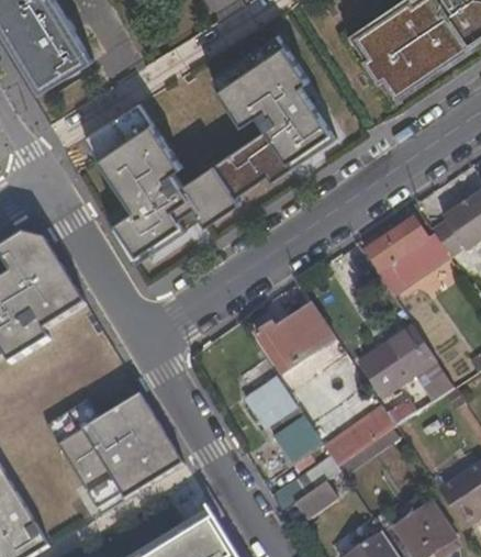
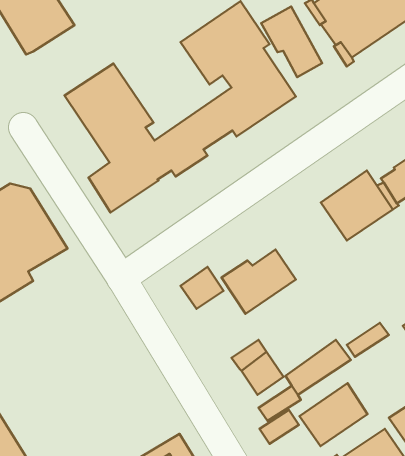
building: none -> [261,7,322,77]
building: [360,326,435,396] -> [299,383,368,446]
building: [248,378,295,424] -> [180,267,223,309]
building: [45,393,183,515] -> none

